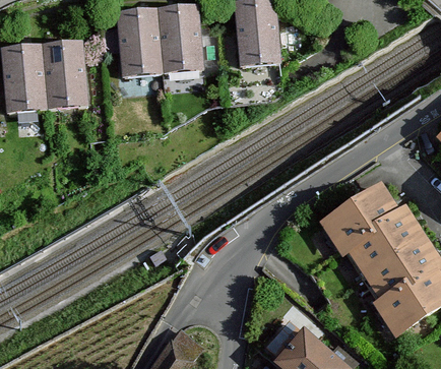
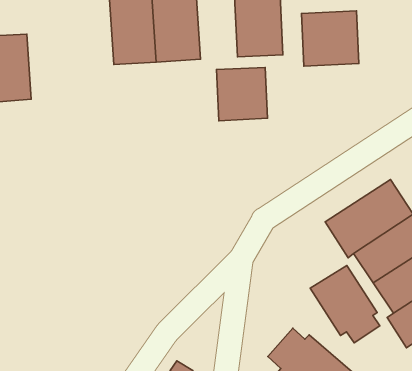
building: none -> [301,11,359,66]
building: [40,41,86,105] -> none
building: none -> [216,68,267,121]
building: none -> [310,265,380,343]

